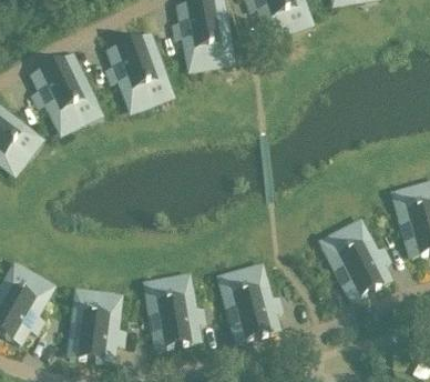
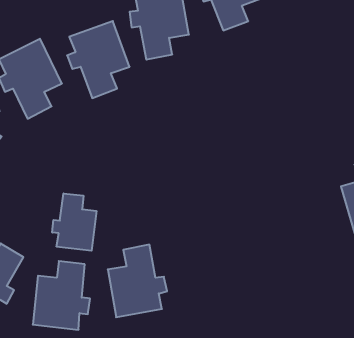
building: none -> [52,193,96,251]
building: [325,217,392,301] -> none
building: [218,261,284,342] -> none

